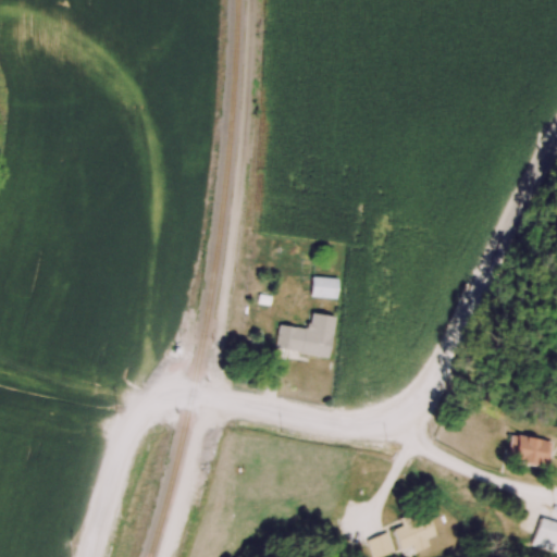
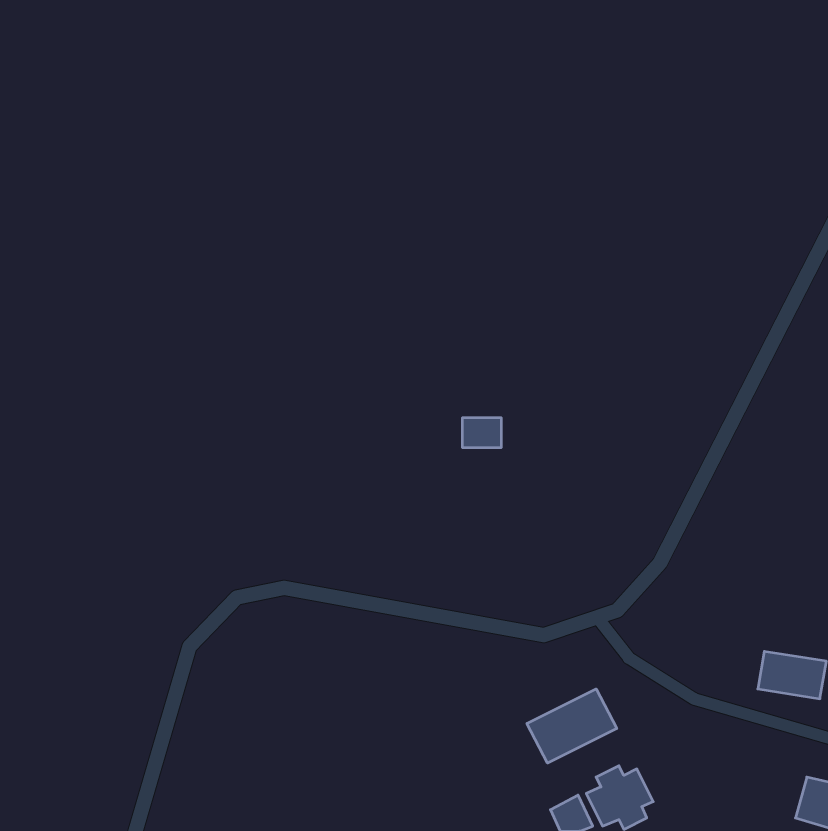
building: [278,314,335,358] -> none
building: none -> [527,689,617,763]

